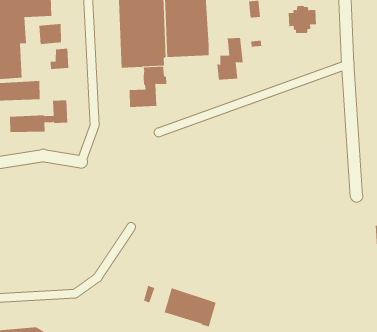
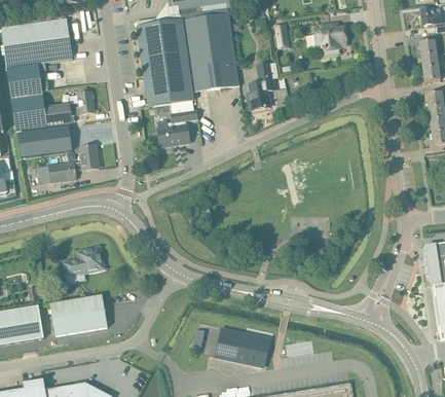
building: [39,24,62,44] -> [45,102,71,125]
building: none -> [65,247,103,275]
building: none -> [50,294,108,335]

